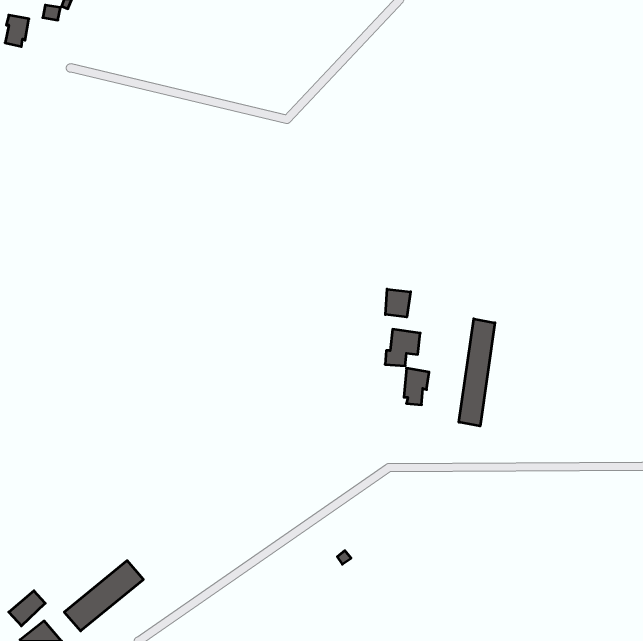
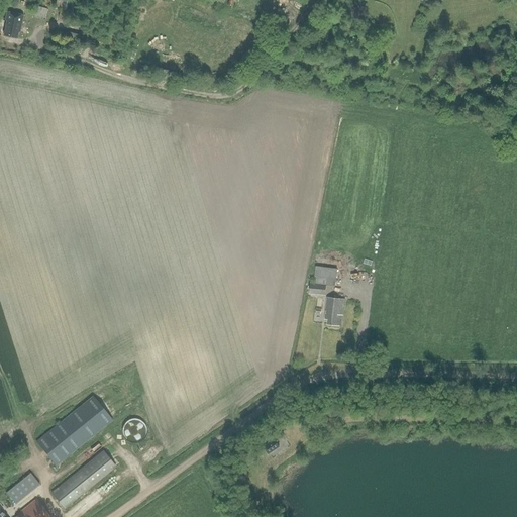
building: [385,289,411,317] -> none
building: [459,319,495,426] -> none
building: none -> [38,396,112,463]

